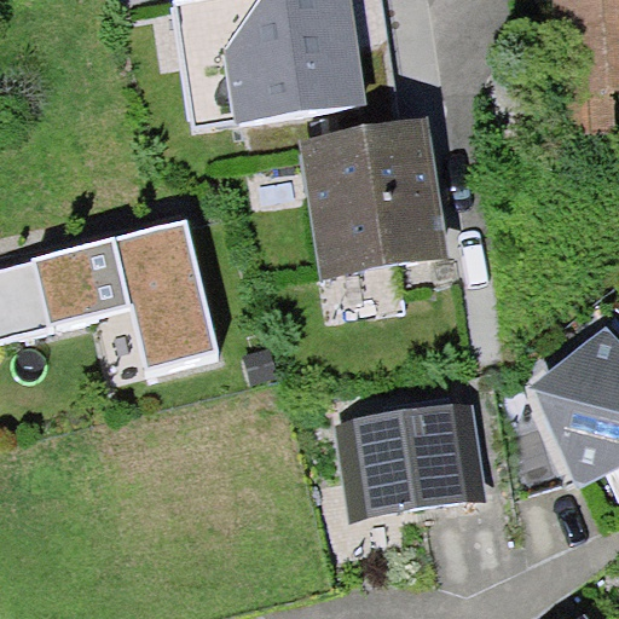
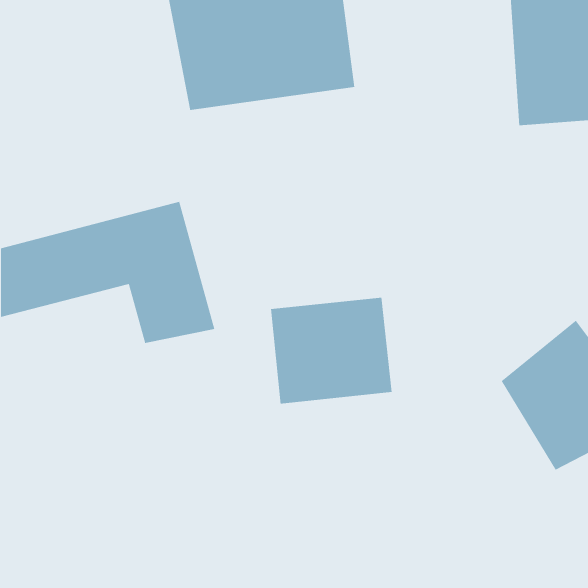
building: [300,126,445,279] -> none
building: [352,409,478,519] -> [270,297,393,404]

